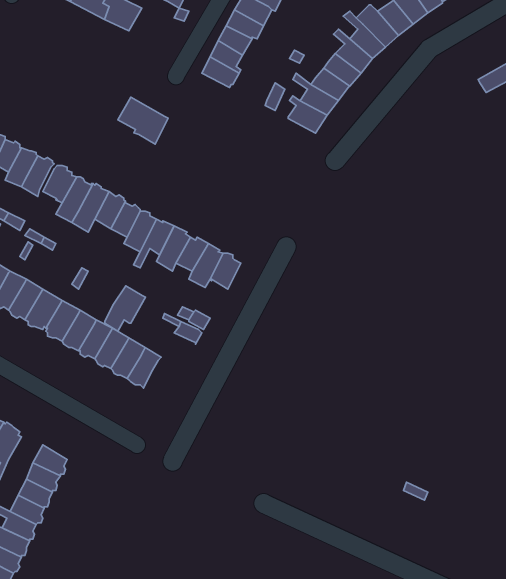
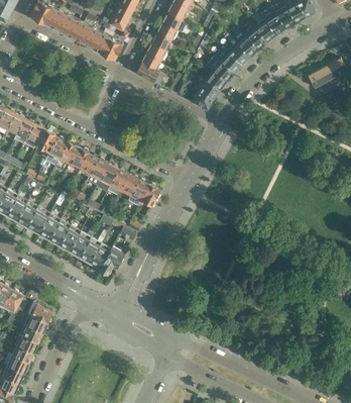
building: [118,97,168,144] -> [90,31,121,61]
building: [105,286,145,331] -> [99,245,124,274]

